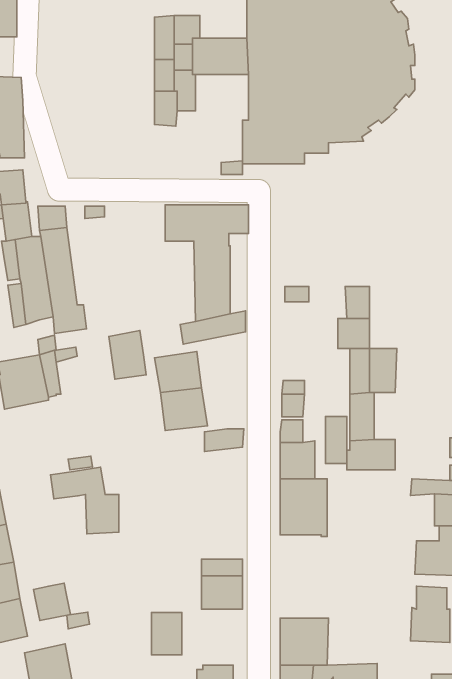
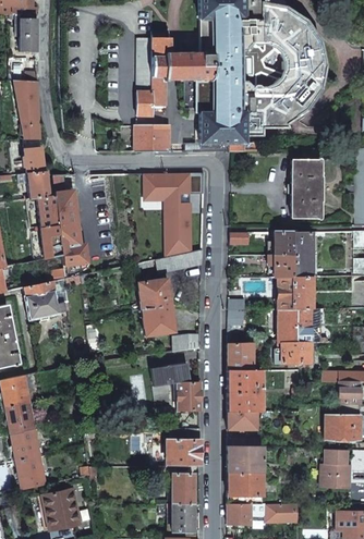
building: none -> [135,125,170,151]
building: none -> [292,160,321,218]
building: none -> [292,232,312,277]
building: [109,331,146,379] -> none
building: [326,417,347,463] -> [295,308,311,342]
building: [51,467,119,534] -> [151,363,201,411]
building: none -> [228,411,257,429]
building: [34,583,70,620] -> none
building: none -> [228,445,263,470]
building: [152,612,182,655] -> [172,474,194,504]

